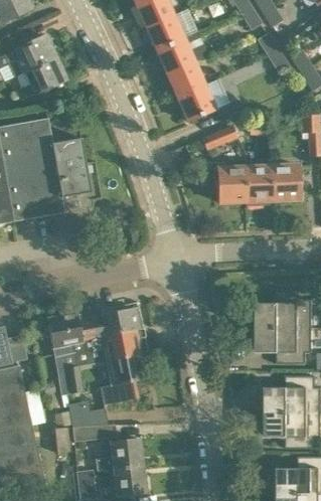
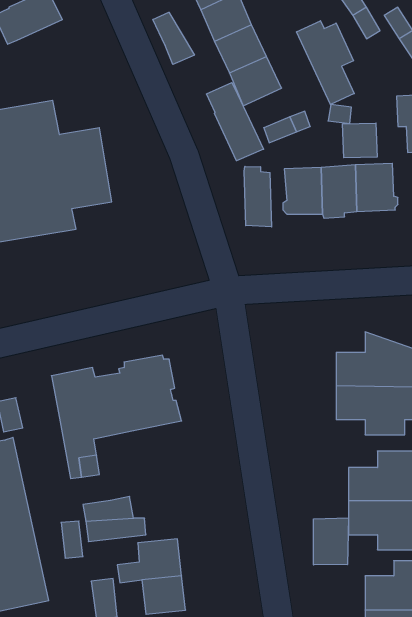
building: none -> [153,12,194,64]
building: [19,58,64,98] -> none
building: none -> [297,21,354,105]
building: none -> [206,83,264,161]
building: none -> [343,123,377,158]
building: none -> [244,166,272,227]
building: [100,353,145,405] -> none
building: none -> [314,518,349,565]

